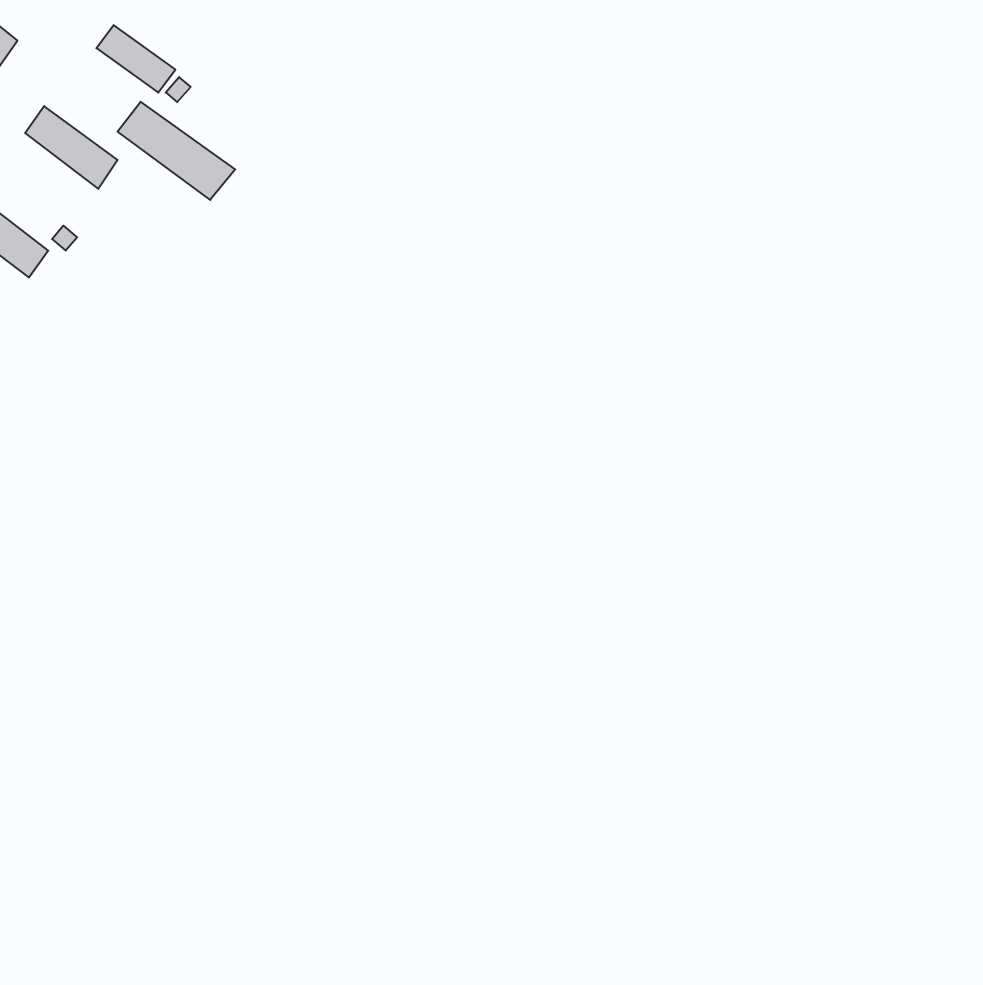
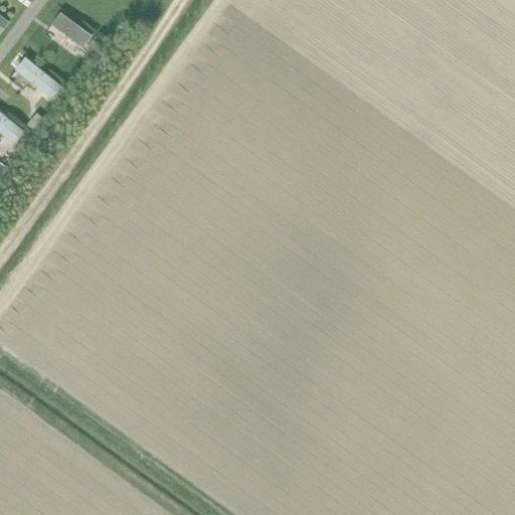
building: [118,102,235,200] -> none

